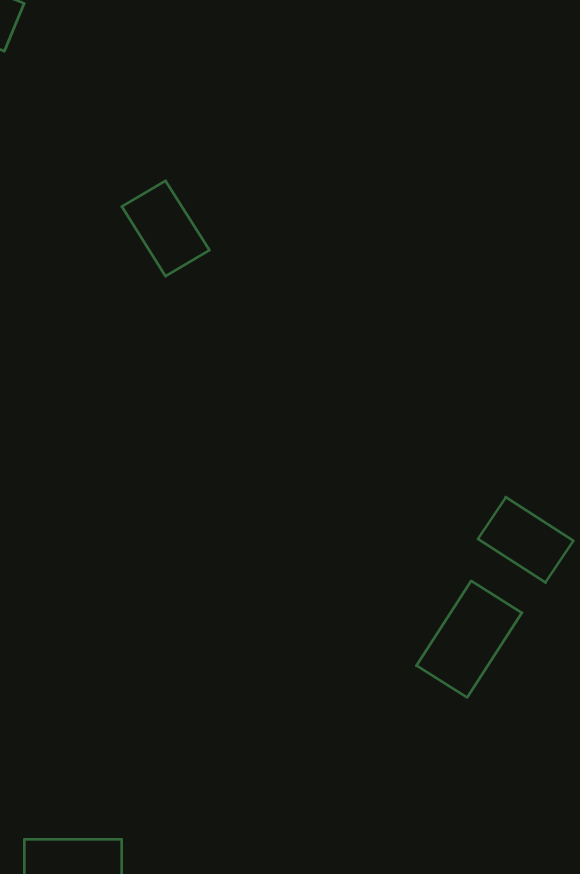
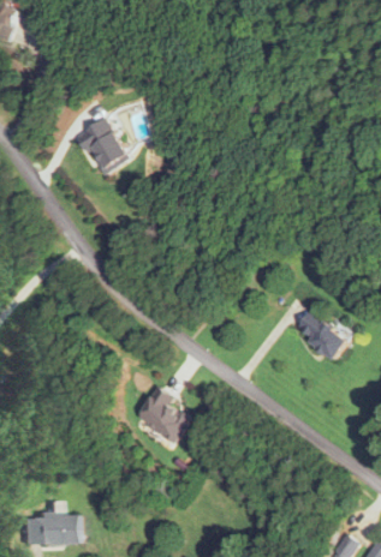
building: [416,581,522,697] -> none
building: none -> [136,390,192,444]

